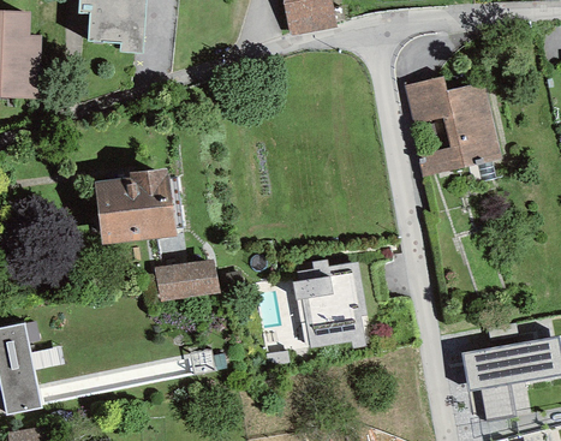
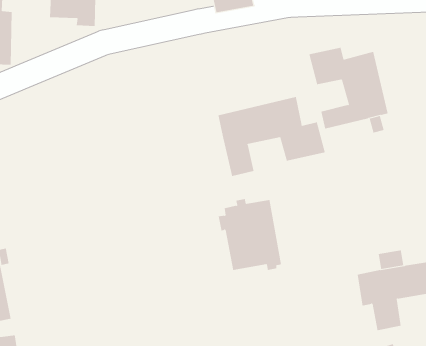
building: none -> [218,96,326,177]
building: [95,168,177,244] -> none
building: [155,258,220,300] -> none

